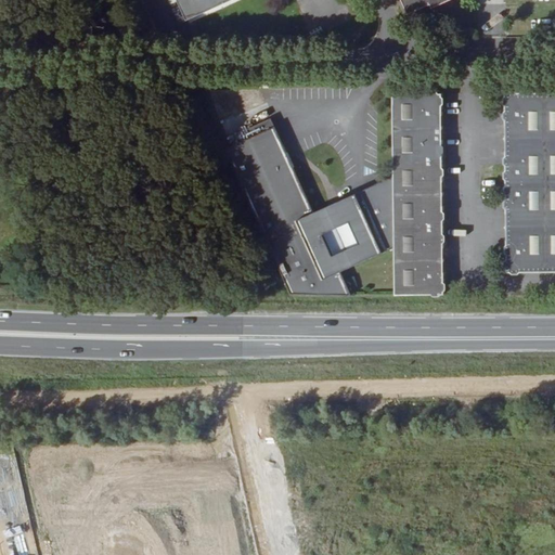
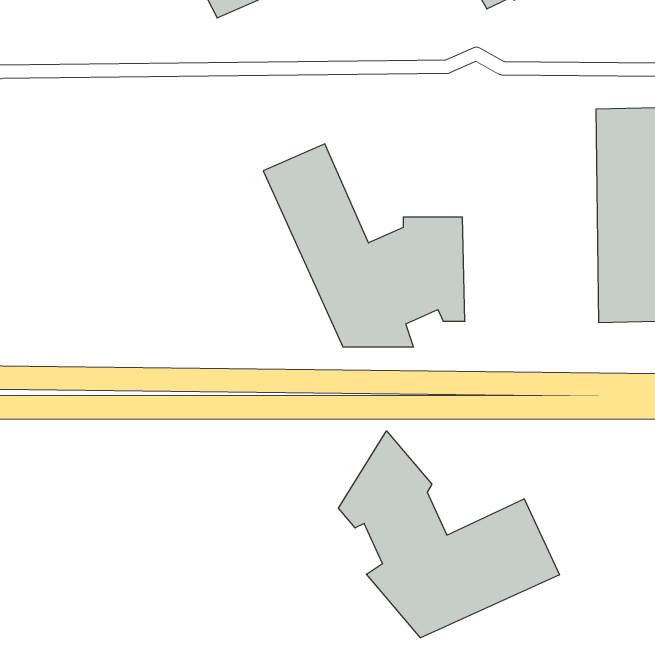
building: [390,93,444,293] -> none
building: none -> [339,431,559,638]

